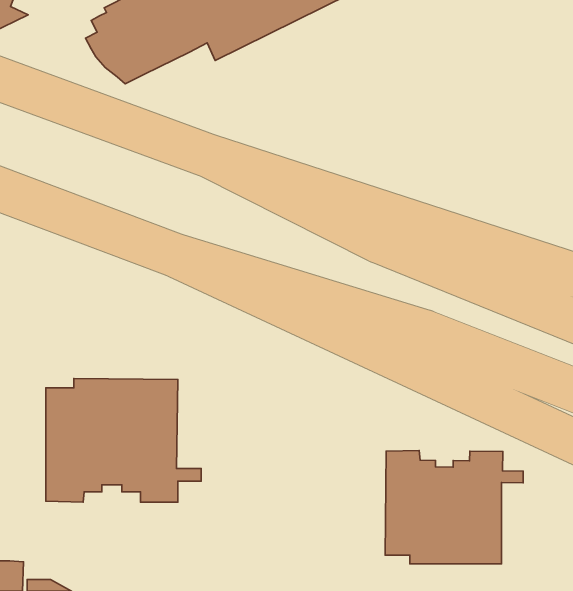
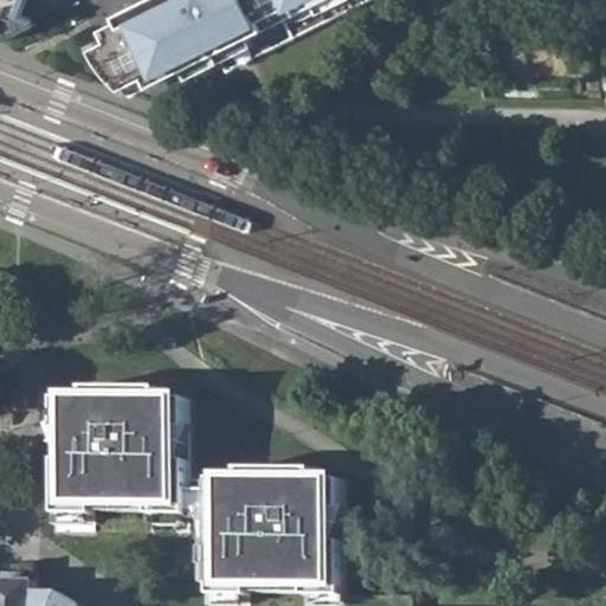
building: [385,451,523,564] -> none
building: none -> [202,465,336,593]

